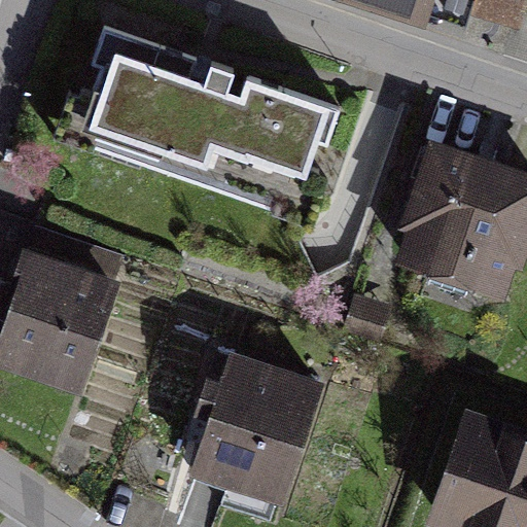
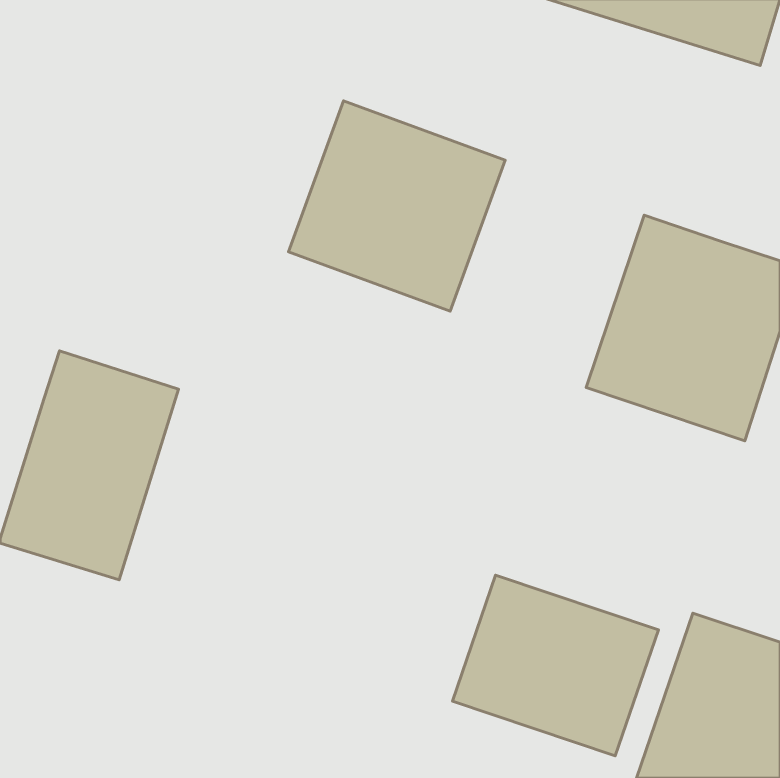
building: [64,24,232,170] -> none
building: [191,349,318,501] -> none
building: none -> [452,575,658,756]

